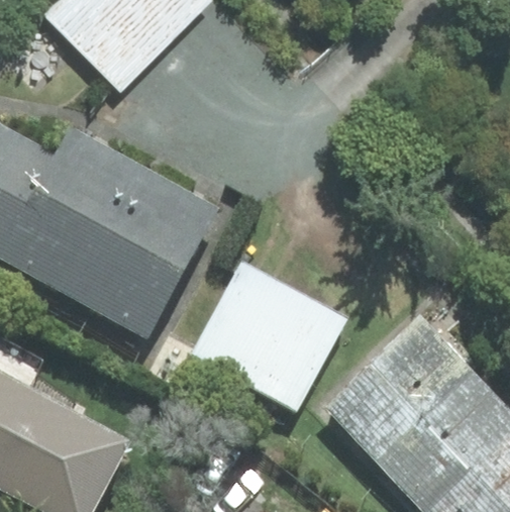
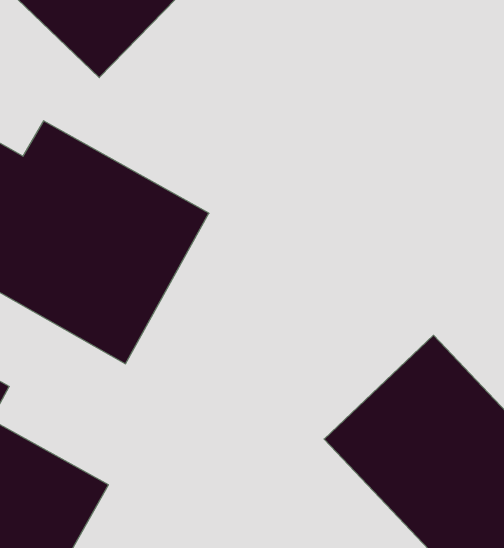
building: [188,263,346,414] -> none

